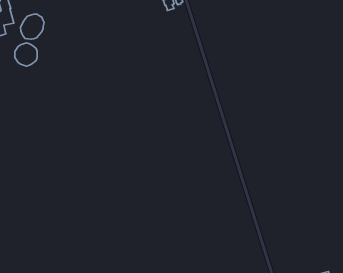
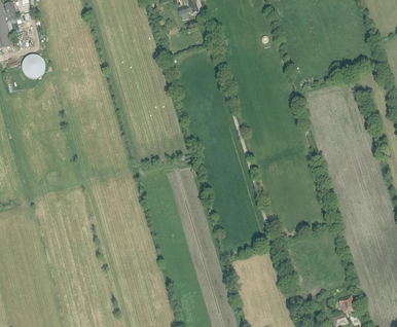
building: [21,14,44,39] -> none

